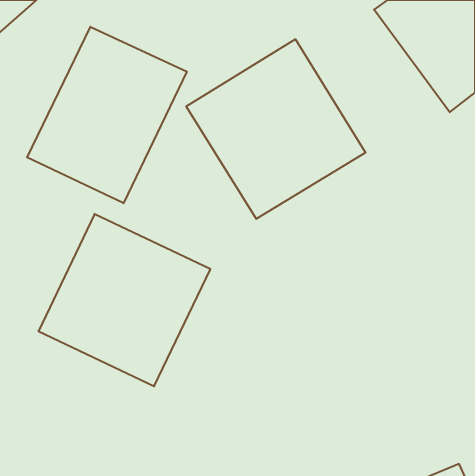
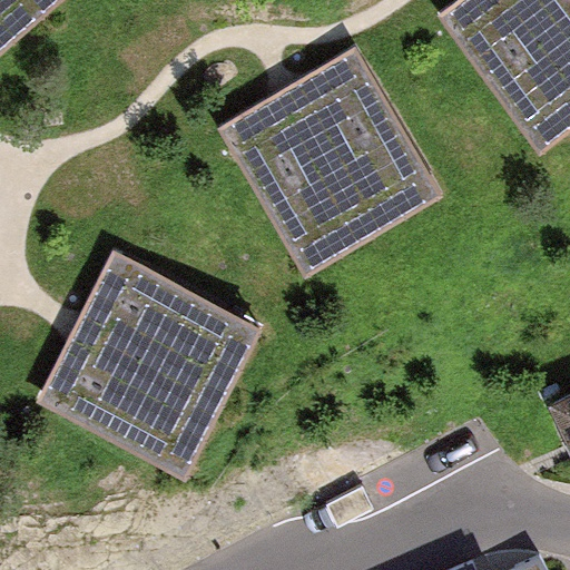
building: [27,27,187,203] -> none

